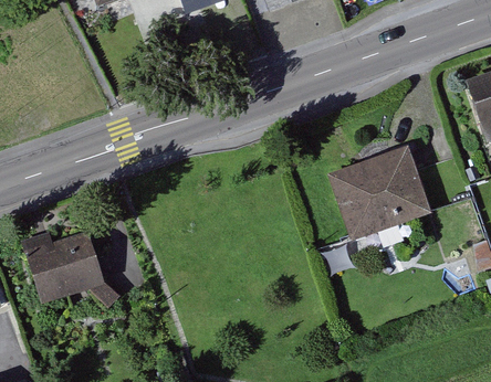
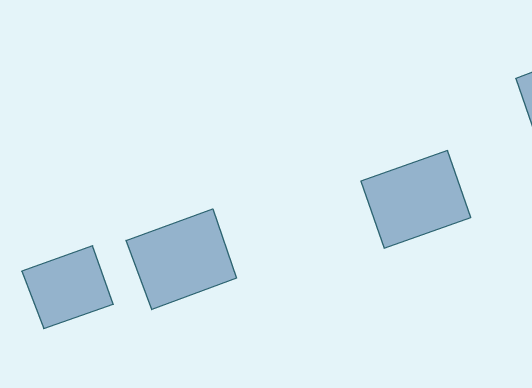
building: none -> [126,209,236,310]

